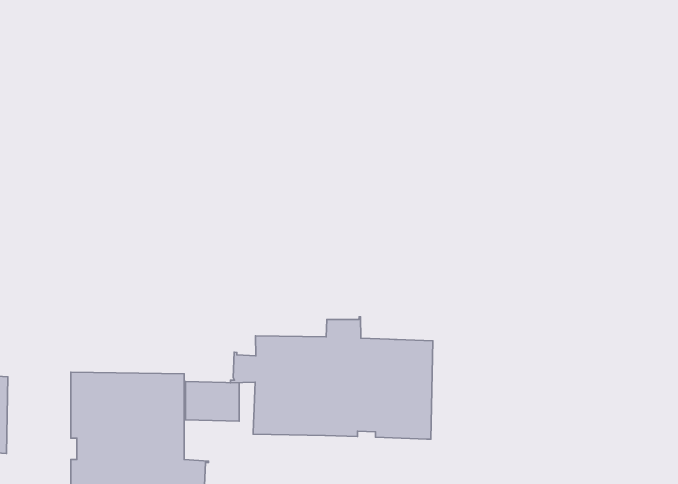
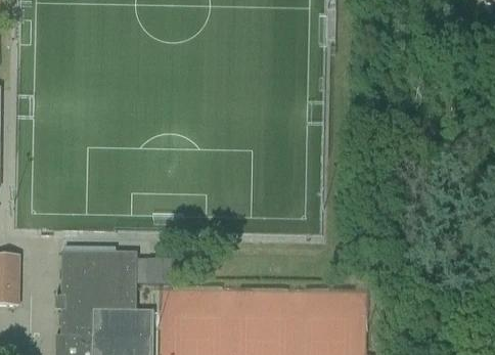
building: [231,317,433,439] -> none

